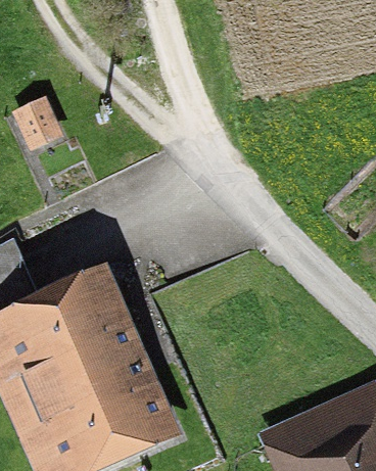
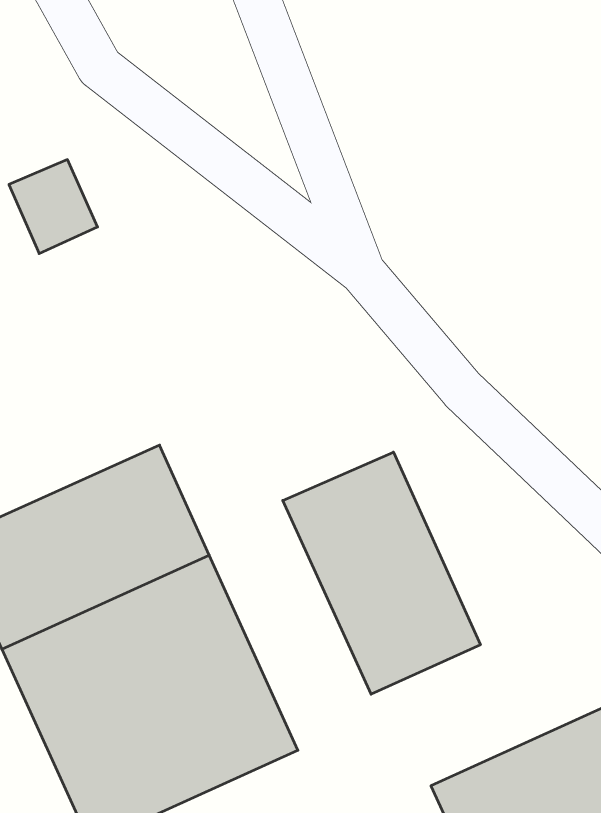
building: none -> [283,452,480,694]

